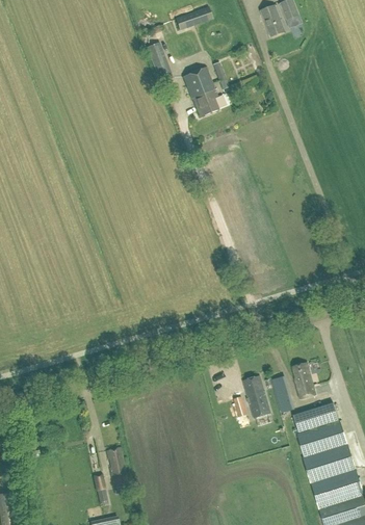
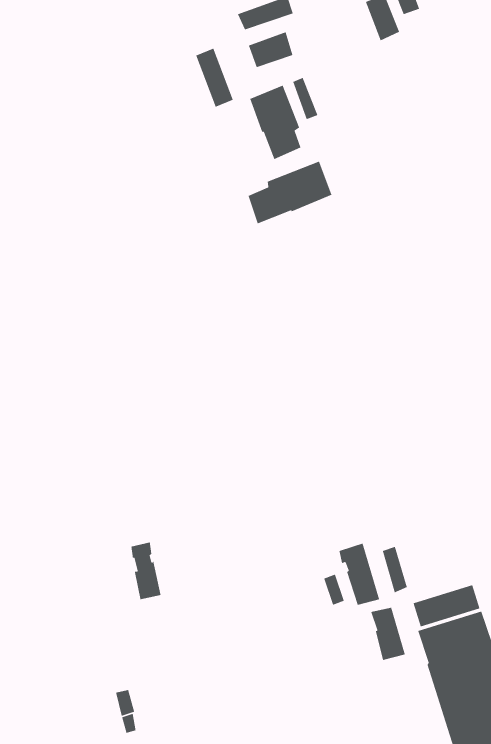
building: none -> [248,31,293,68]
building: none -> [247,161,333,224]
building: [292,363,316,399] -> [370,607,406,661]
building: [107,447,128,487] -> [131,542,161,600]

